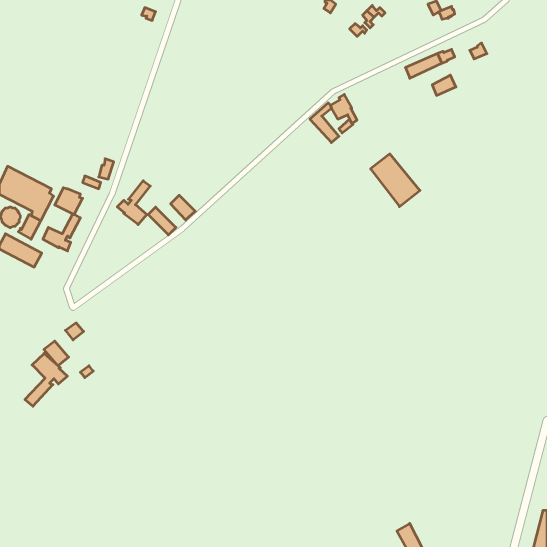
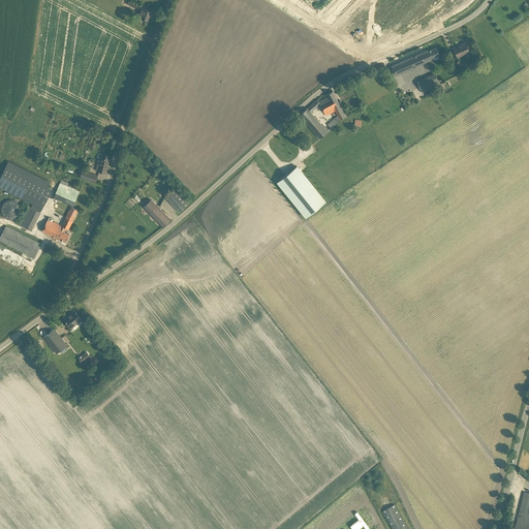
building: [371,154,420,207] -> [277,167,324,218]
building: [117,181,150,225] -> none
building: [25,353,67,406] -> none

